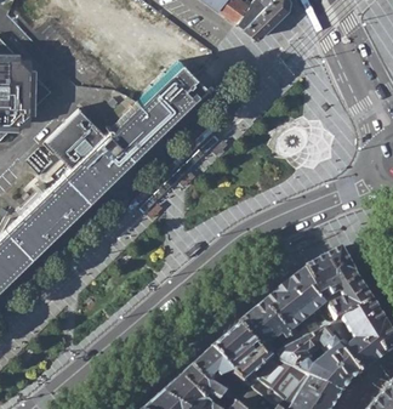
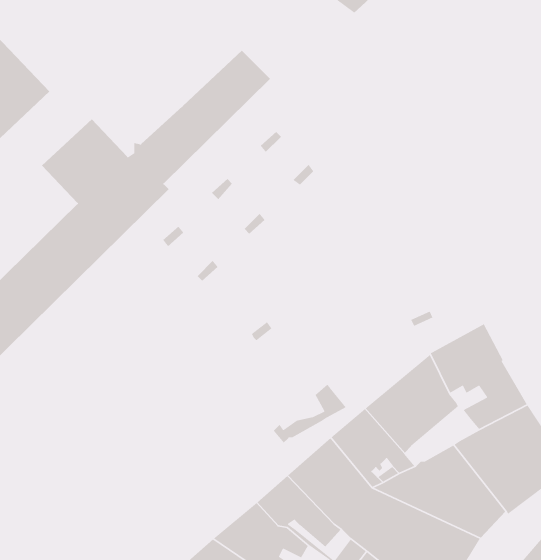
building: [291,302,341,342] -> [273,384,347,444]

